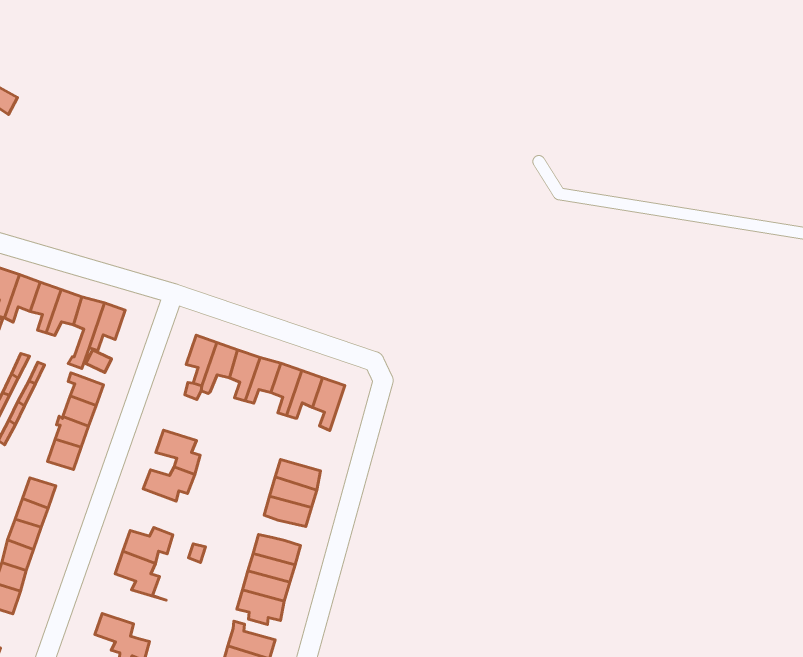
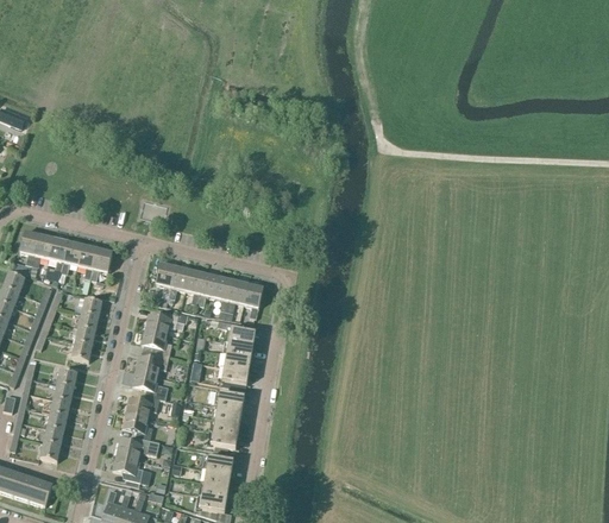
building: none -> [145,310,197,333]
building: none -> [211,319,255,345]
building: none -> [132,368,167,397]
building: none -> [117,436,158,459]

